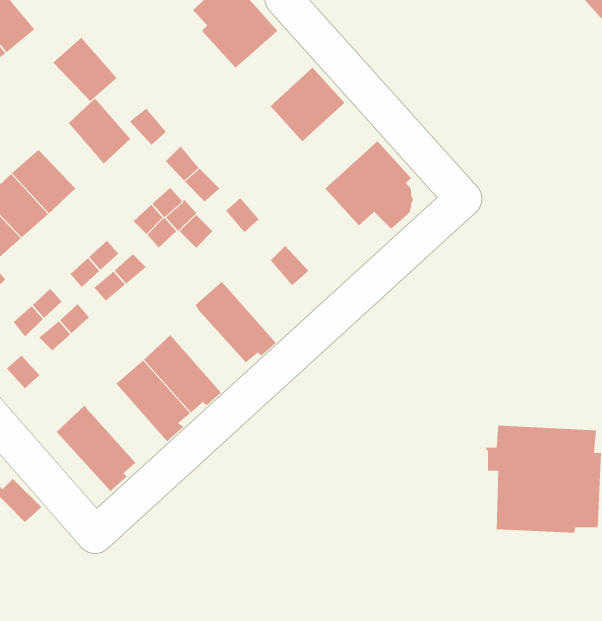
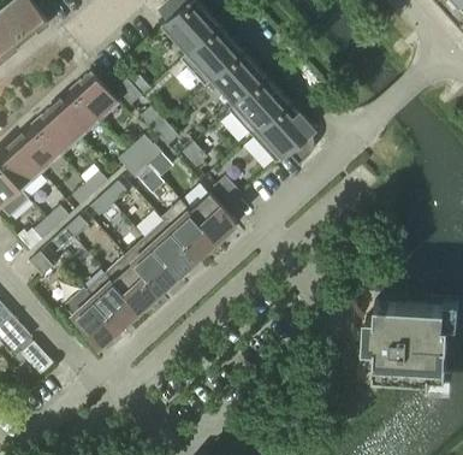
building: none -> [180,25,243,85]
building: [52,37,118,102] -> [51,90,96,136]
building: none -> [227,76,289,136]
building: none -> [189,194,236,244]
building: none -> [143,221,196,279]
building: none -> [85,273,141,329]

